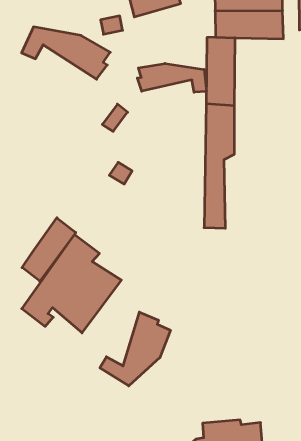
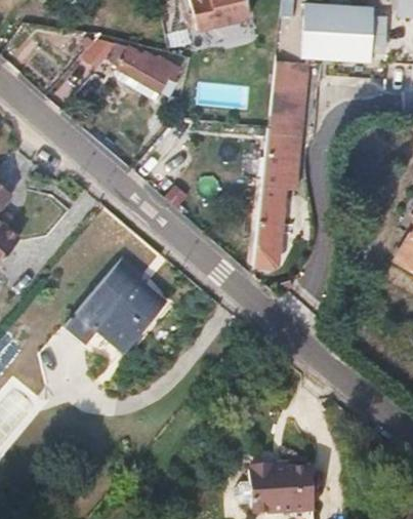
building: [137,63,206,92] -> none
building: [22,218,76,281] -> none
building: [100,312,170,386] -> none

